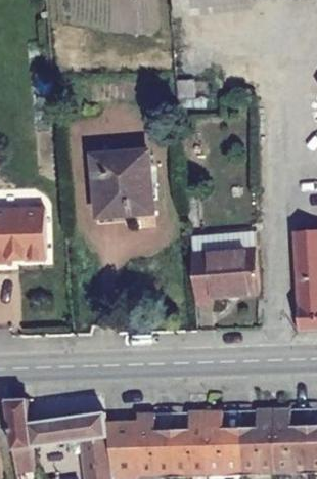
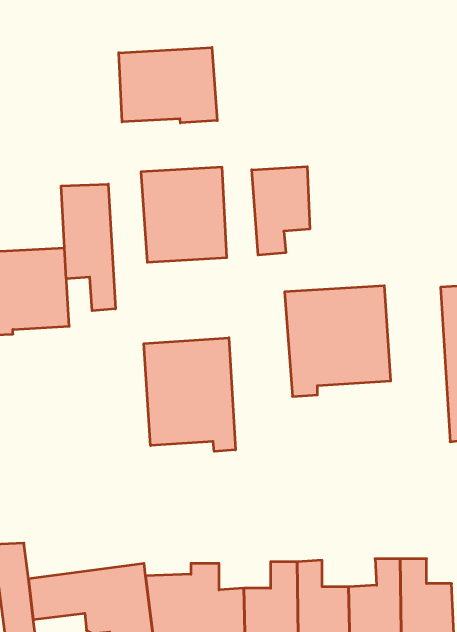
building: none -> [119,47,217,123]
building: none -> [252,167,310,255]
building: none -> [61,184,115,311]
building: none -> [144,338,235,451]

